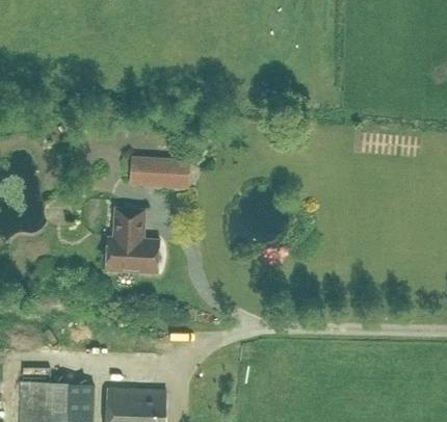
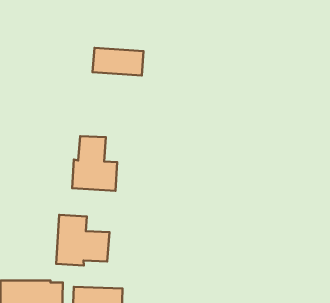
building: [129,155,190,188] -> [93,48,144,76]
building: none -> [56,215,109,266]

